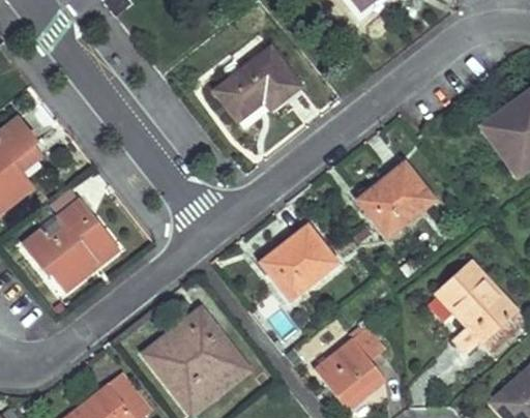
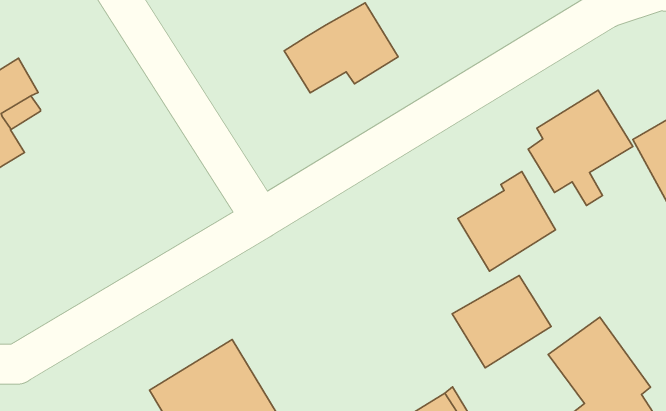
building: none -> [528,90,633,205]
building: [24,200,119,291] -> none
building: [261,227,335,298] -> [452,276,551,368]

